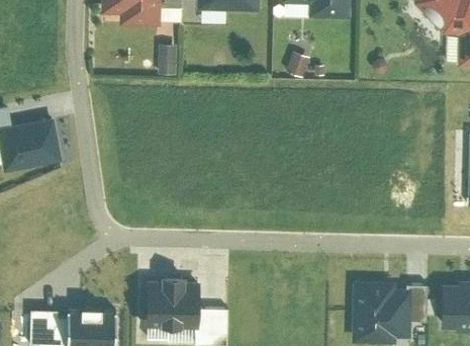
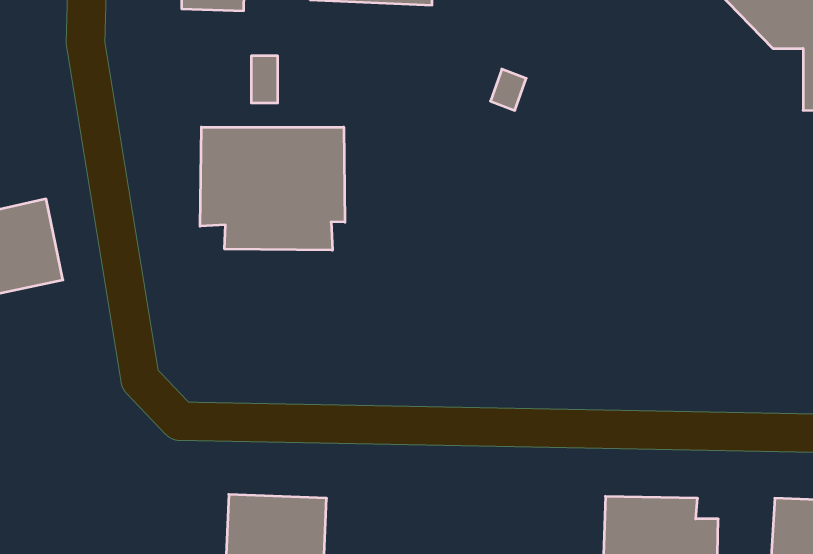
building: none -> [200,127,345,250]

